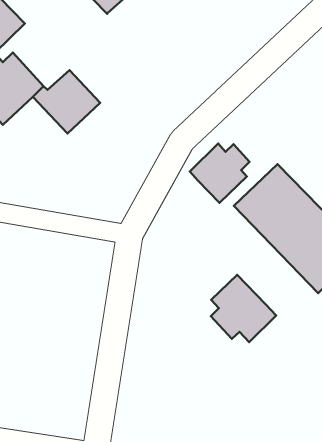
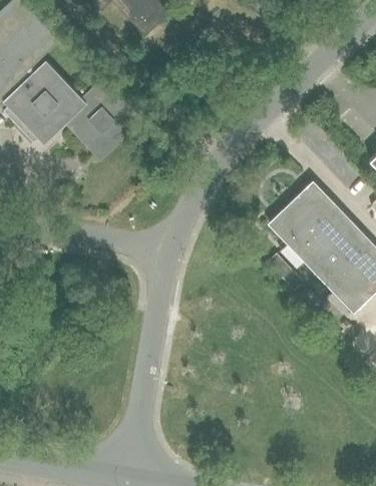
building: [190,144,249,203] -> none
building: [211,275,276,342] -> none

